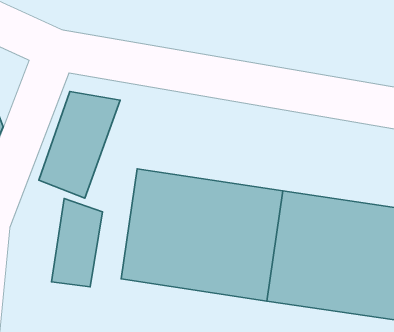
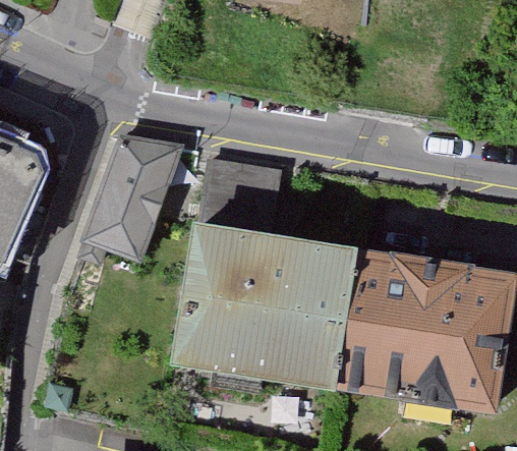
building: [51,198,103,287] -> none

